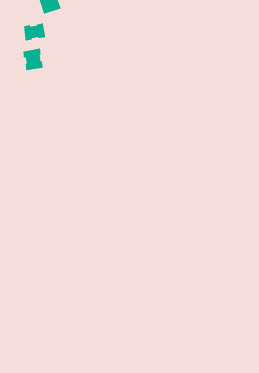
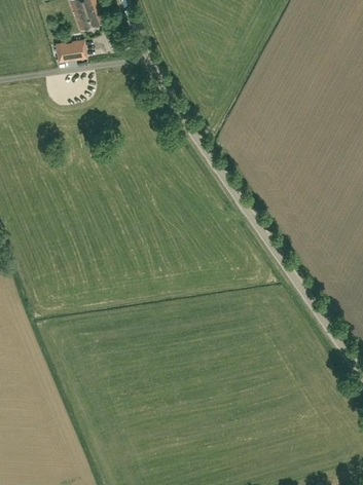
building: [23,48,44,71] -> none

